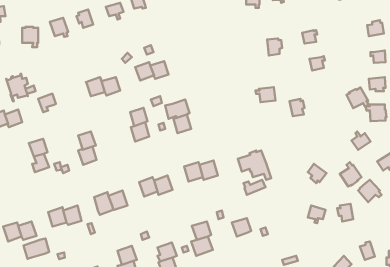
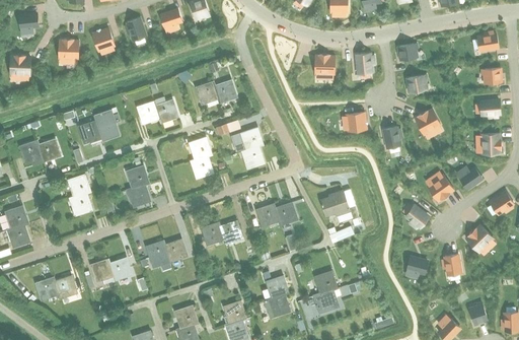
building: none -> [314,54,335,78]
building: [6,74,28,101] -> [93,108,120,141]
building: [346,87,369,108] -> [415,109,442,134]
building: [340,162,361,186] -> [427,171,453,200]
building: none -> [312,288,339,313]
building: [24,238,49,259] -> none

